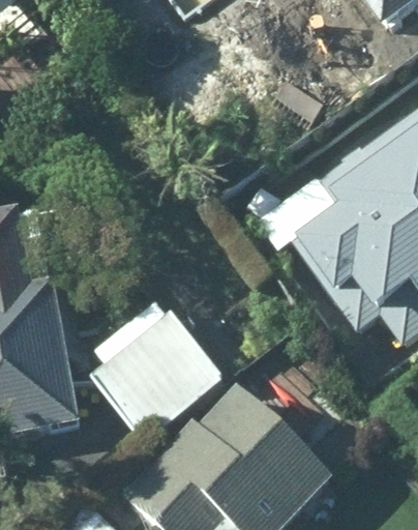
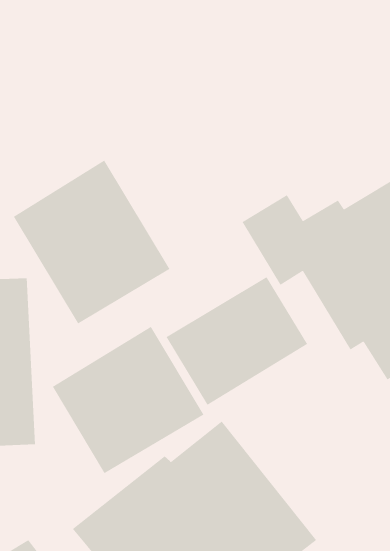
building: none -> [13,159,171,324]
building: none -> [166,276,308,406]

